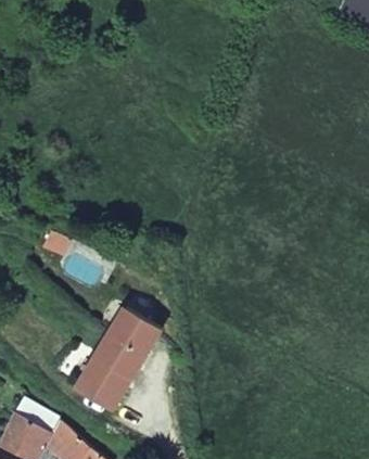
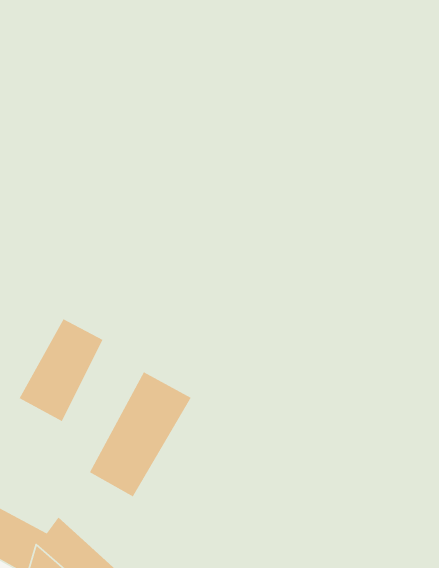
building: none -> [19,318,103,422]

